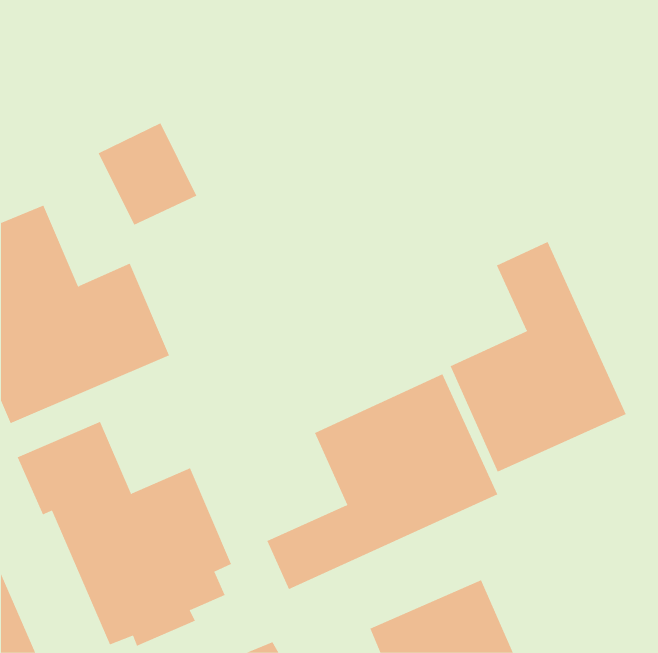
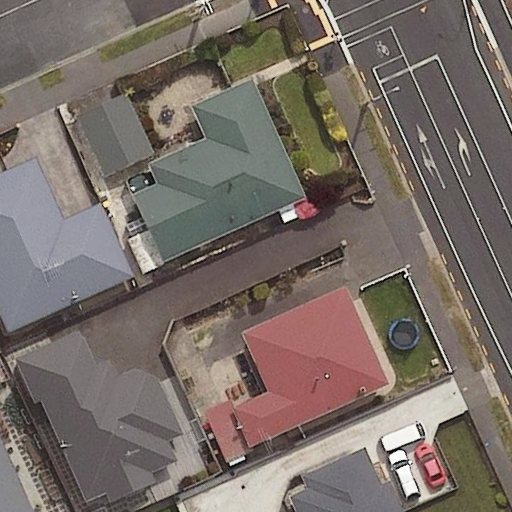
building: none -> [125,82,302,261]
building: [450,241,627,473] -> none

